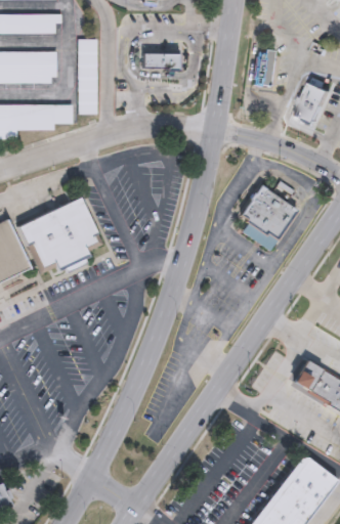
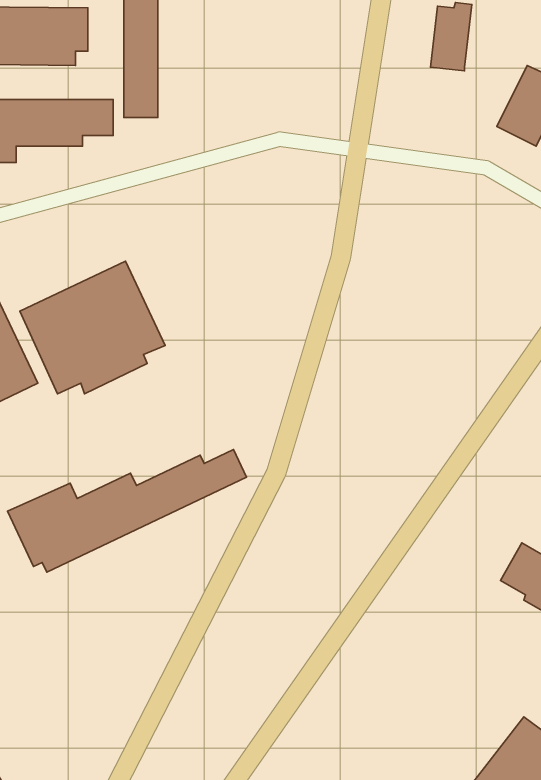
building: [142,53,179,70] -> none
building: [239,182,296,248] -> none
building: none -> [7,450,247,572]

